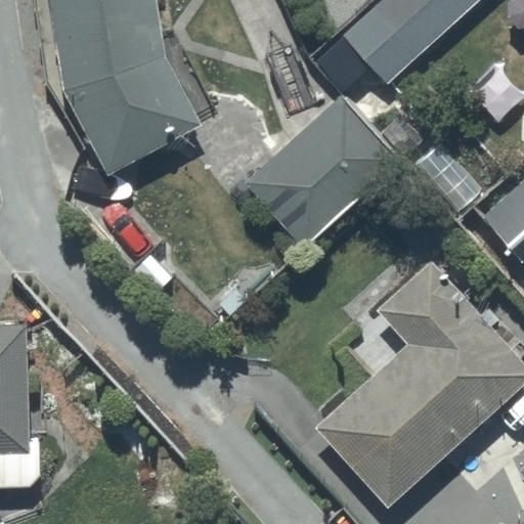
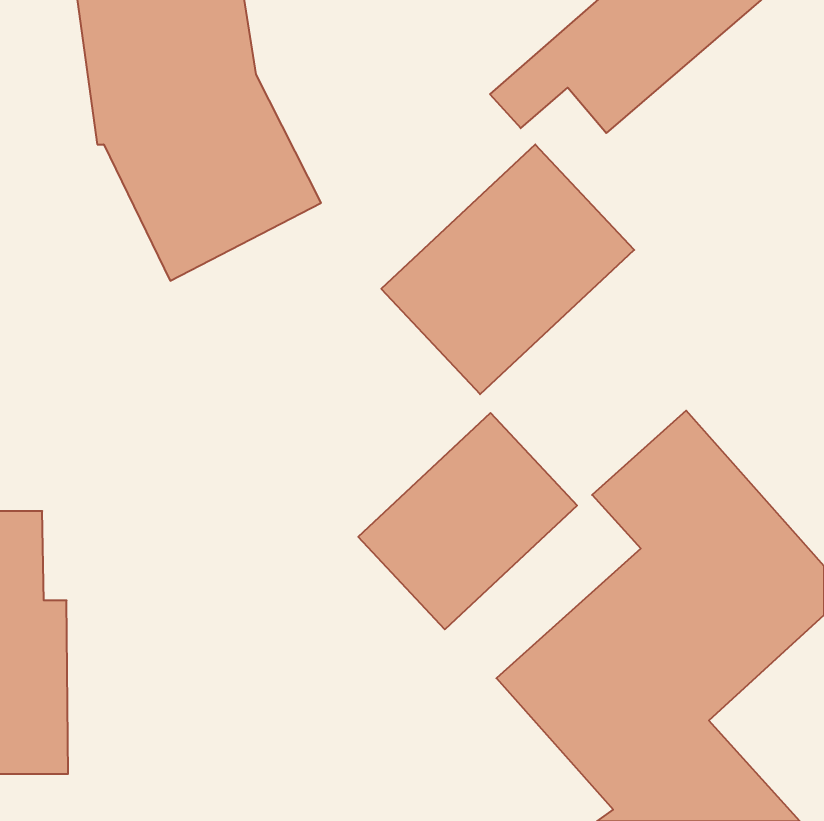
building: none -> [358,413,577,629]

